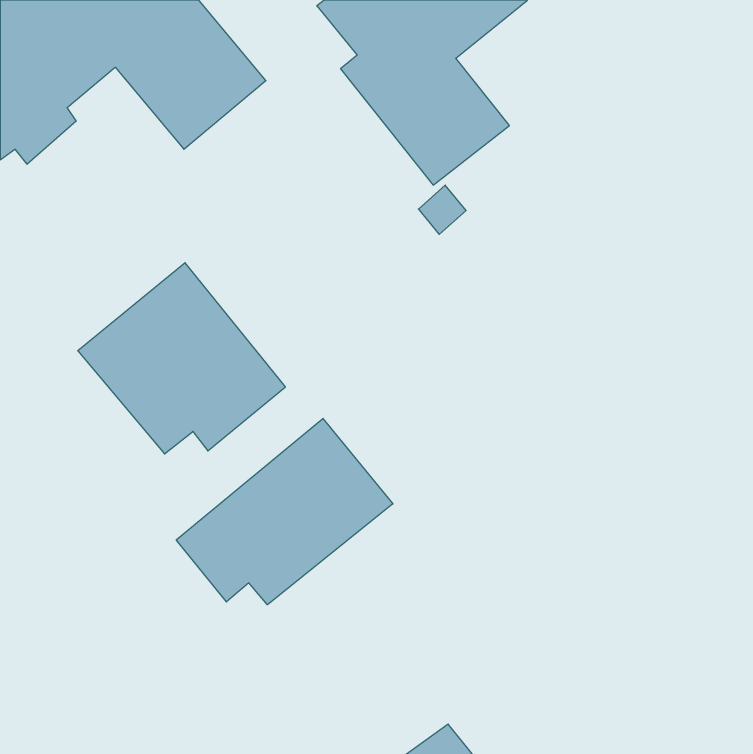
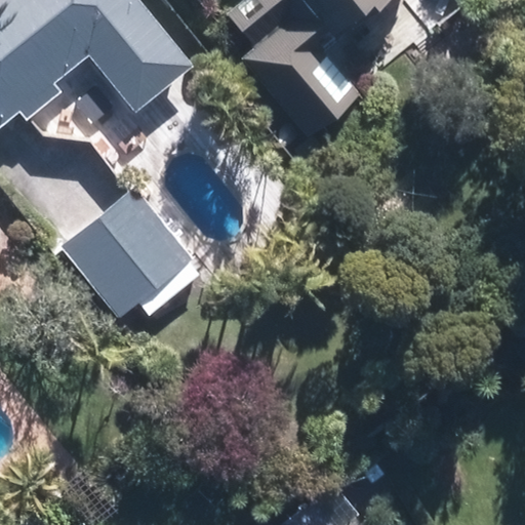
building: [176,418,393,605] -> none

